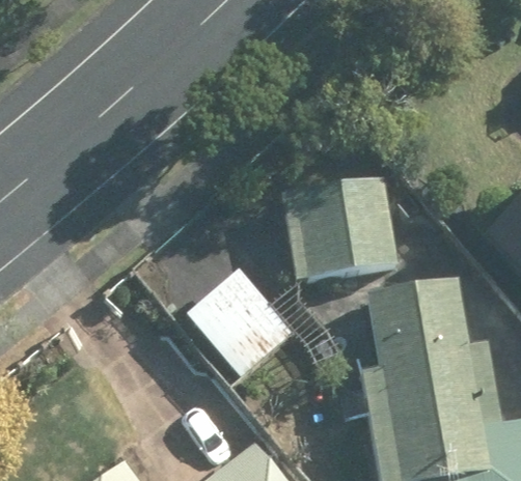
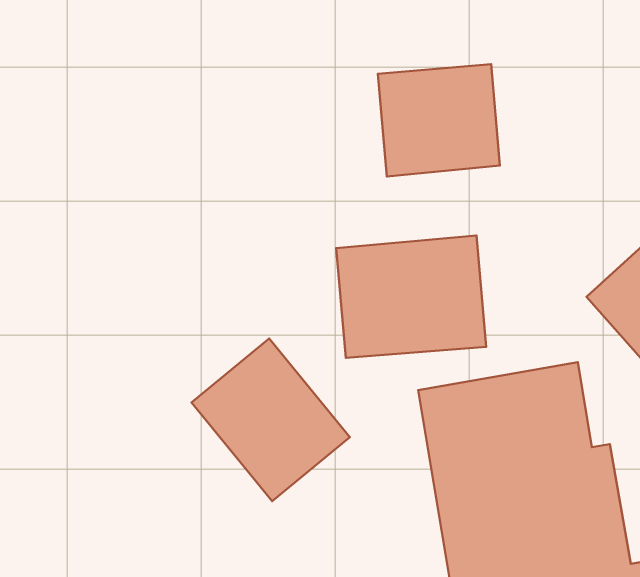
building: none -> [378,64,500,176]

